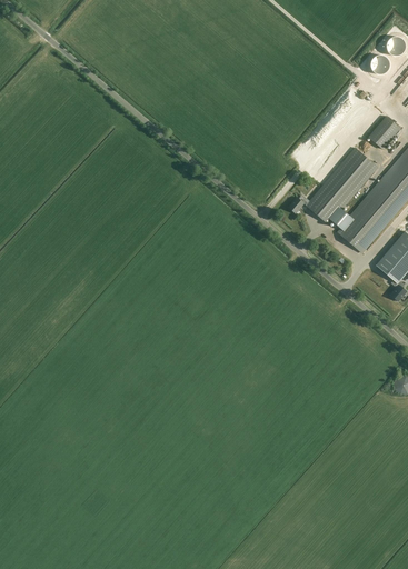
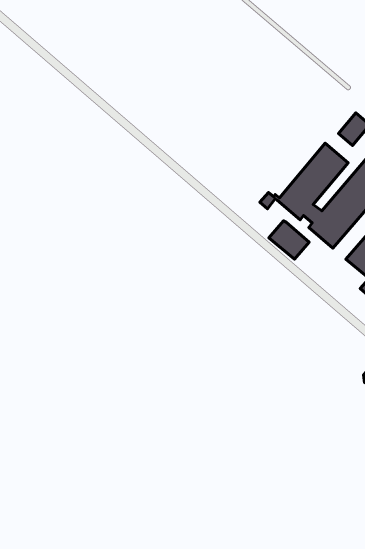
building: none -> [269,221,309,259]

